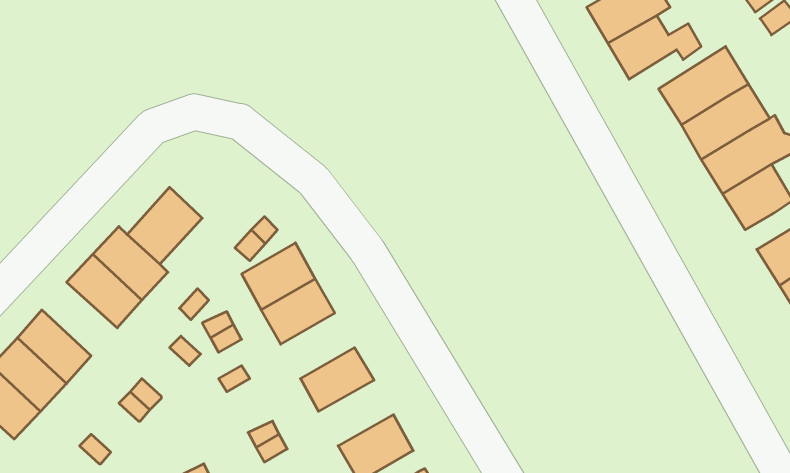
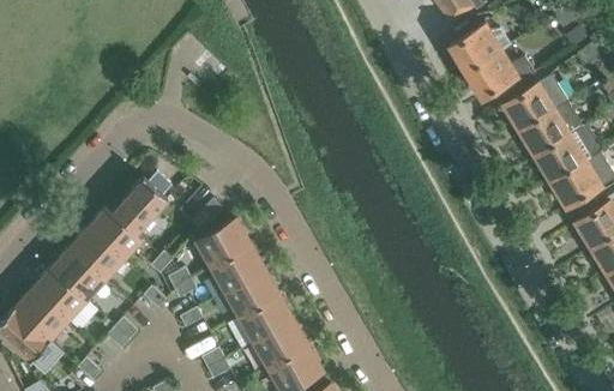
building: none -> [50,247,106,301]
building: none -> [225,270,279,318]
building: none -> [253,319,308,367]

